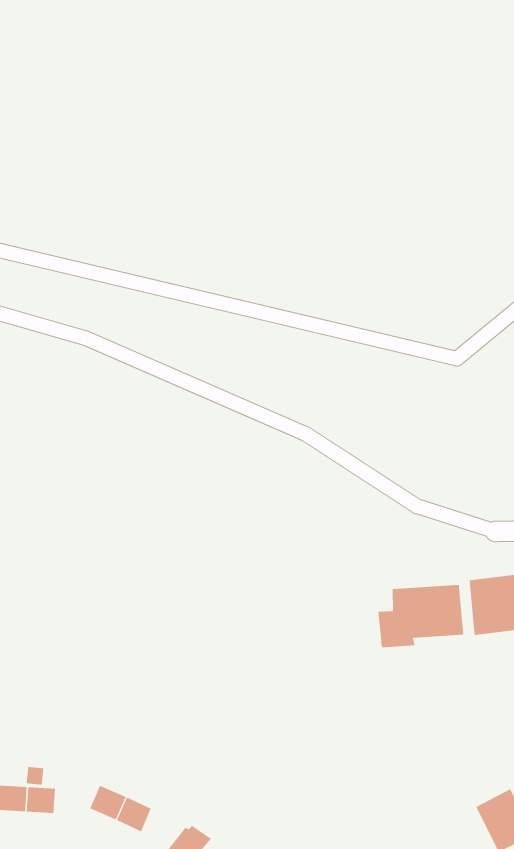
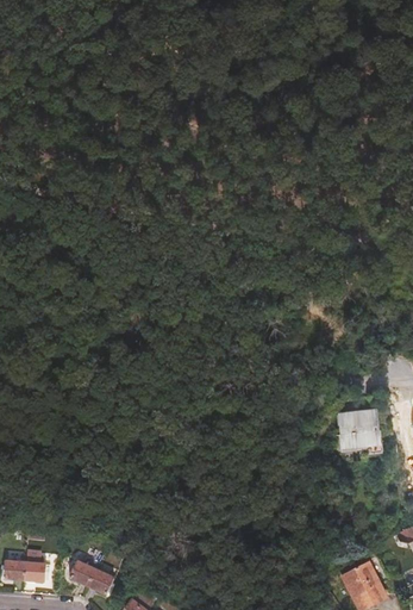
building: [378,584,464,648] -> none

